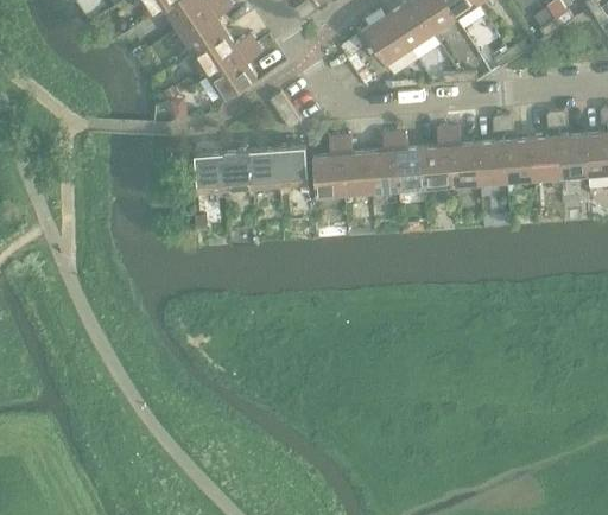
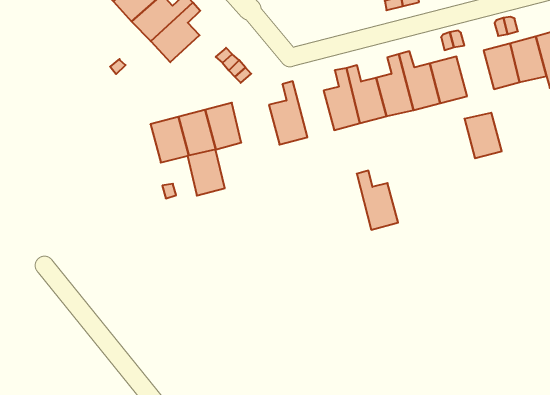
building: [341,135,373,193] -> [357,171,398,230]
building: [505,139,536,180] -> [464,113,502,158]
building: [278,146,309,187] -> [187,150,225,196]

